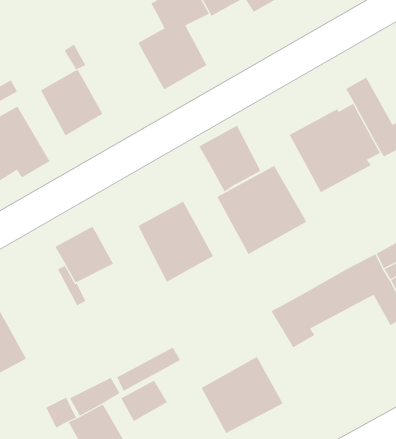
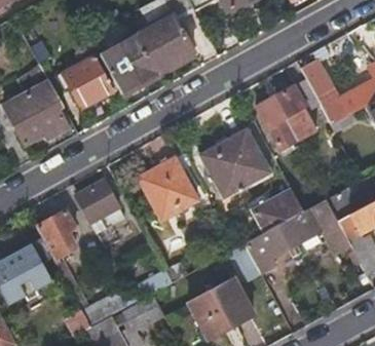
building: none -> [101,34,159,92]
building: [199,125,261,192] -> none
building: none -> [249,187,303,231]
building: none -> [37,209,77,259]

